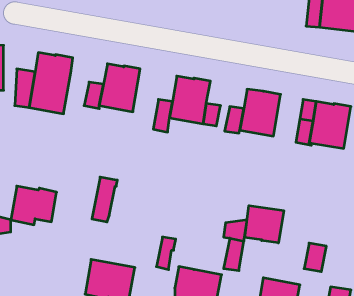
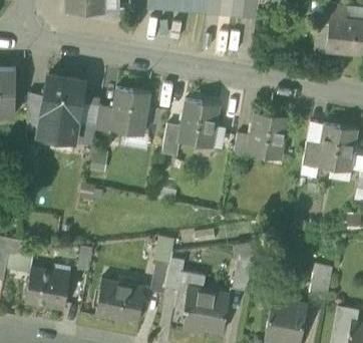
building: none -> [74,96,100,144]
building: [92,177,117,222] -> [148,249,173,293]
building: [11,186,57,225] -> [24,268,69,306]
building: [245,206,284,243] -> none
building: none -> [173,271,206,308]

